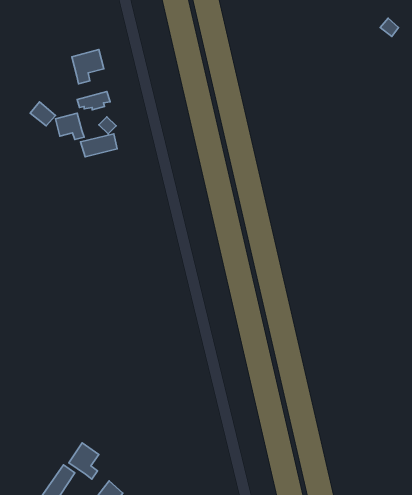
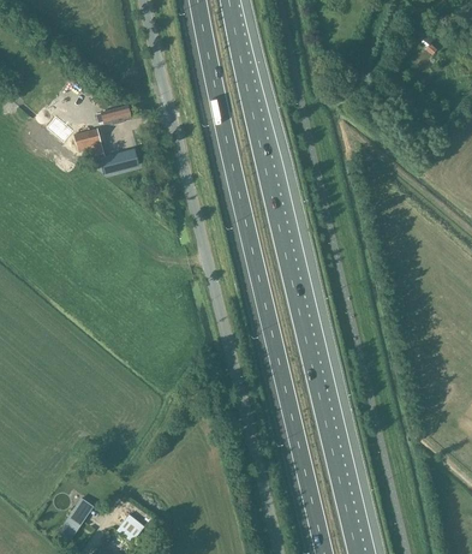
building: [72,50,104,84] -> none
building: [69,443,99,479] -> none

